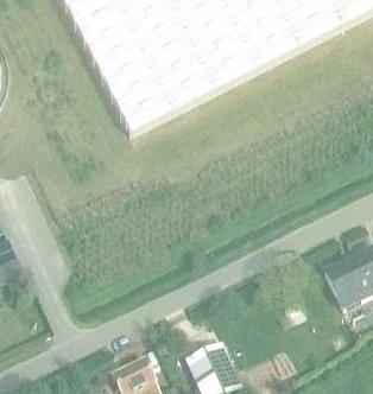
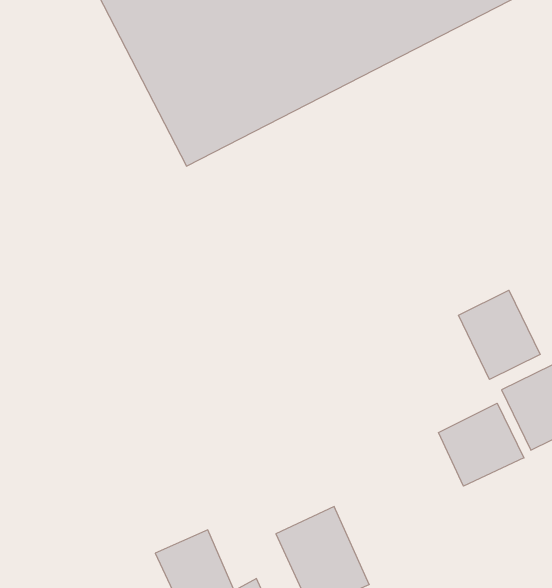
building: none -> [458,290,540,379]
building: none -> [438,403,524,486]

